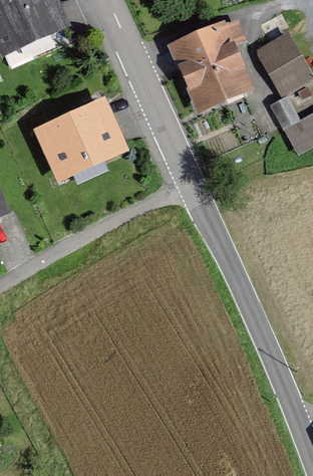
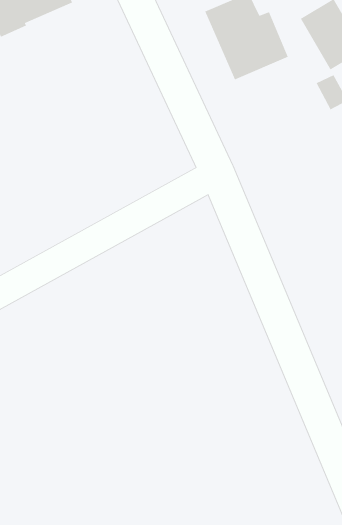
building: [40,105,117,172] -> none

